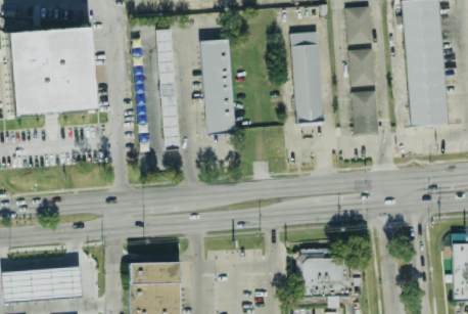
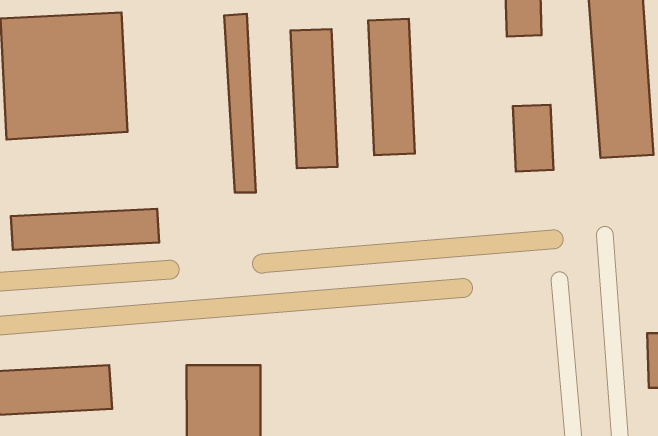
building: [292,30,324,122] -> [368,19,415,155]
building: [349,47,375,84] -> none
building: none -> [11,209,159,250]
building: [300,254,361,306] -> none

